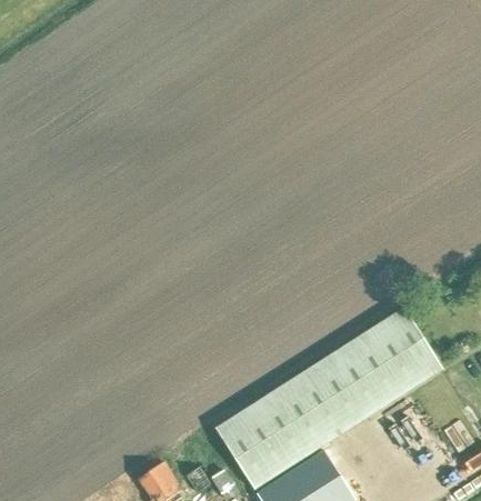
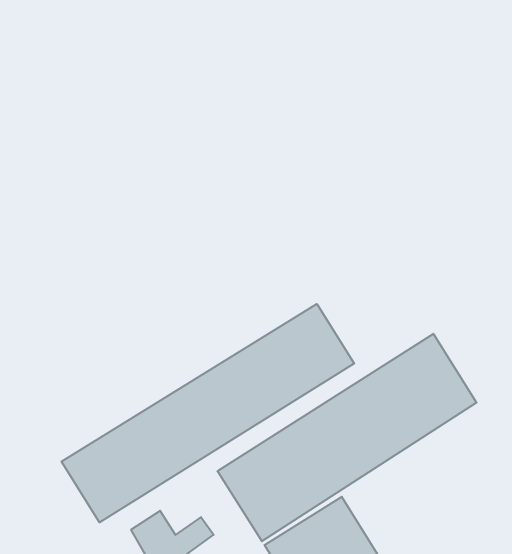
building: none -> [62,304,354,522]

